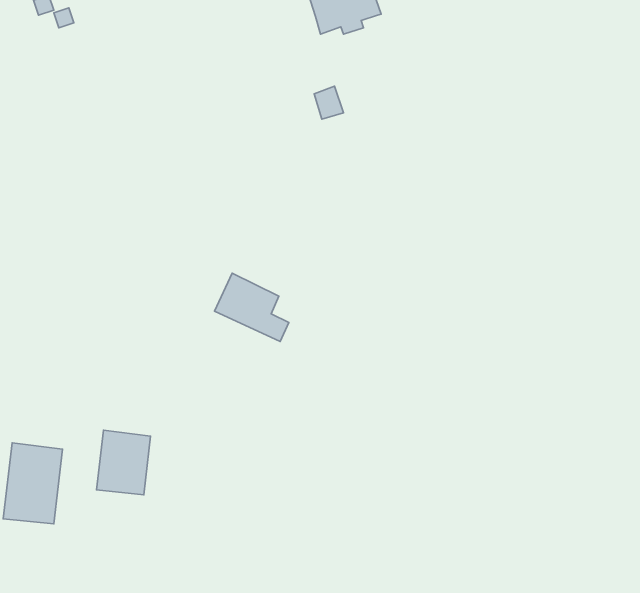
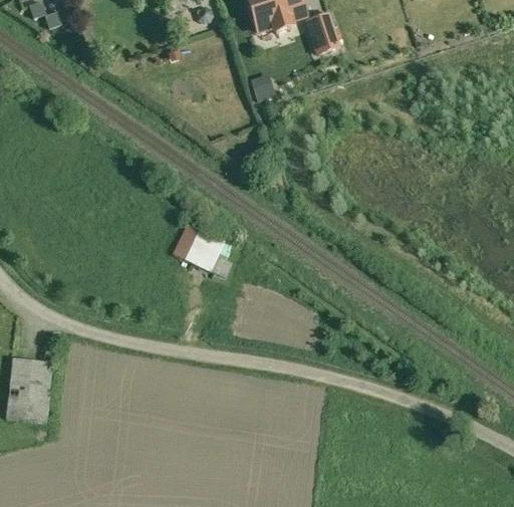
building: none -> [304,14,339,55]
building: [96,430,151,495] -> none

